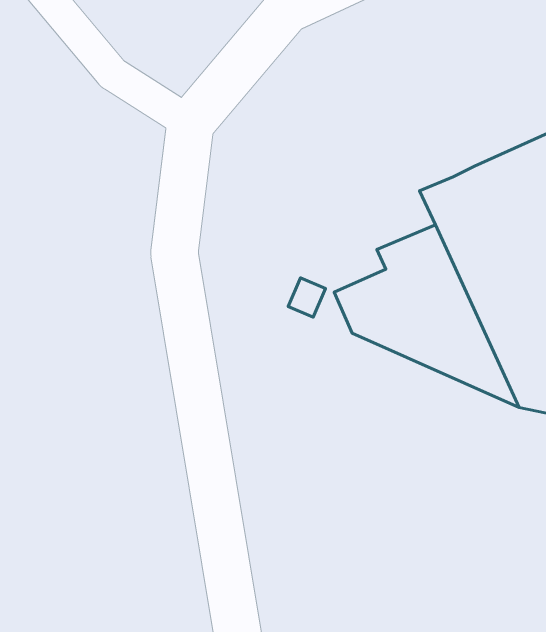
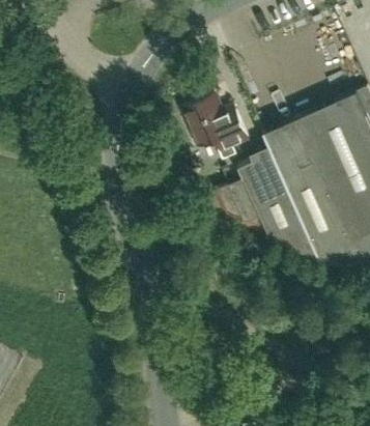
building: none -> [180,94,247,162]

